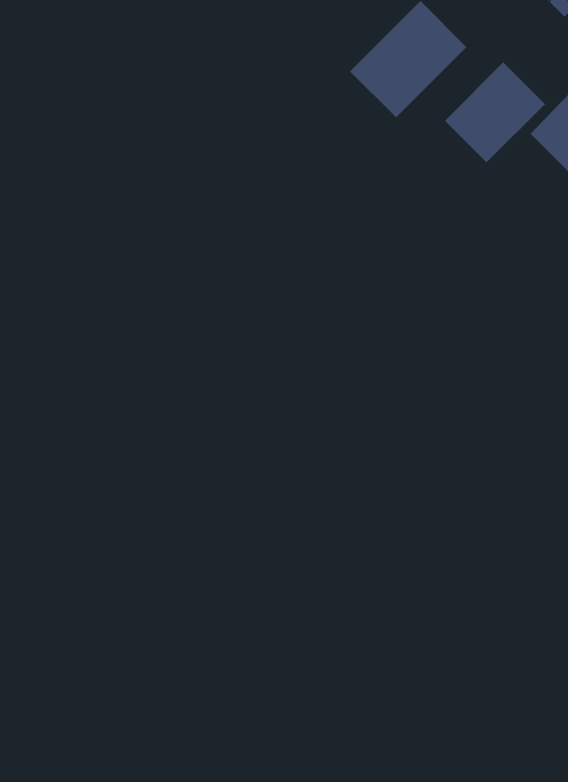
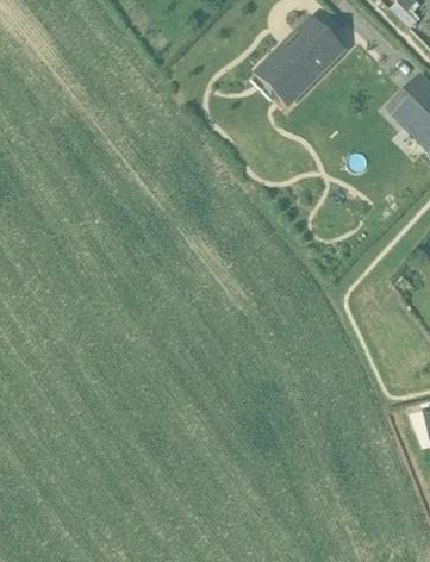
building: [444,62,546,163] -> none

